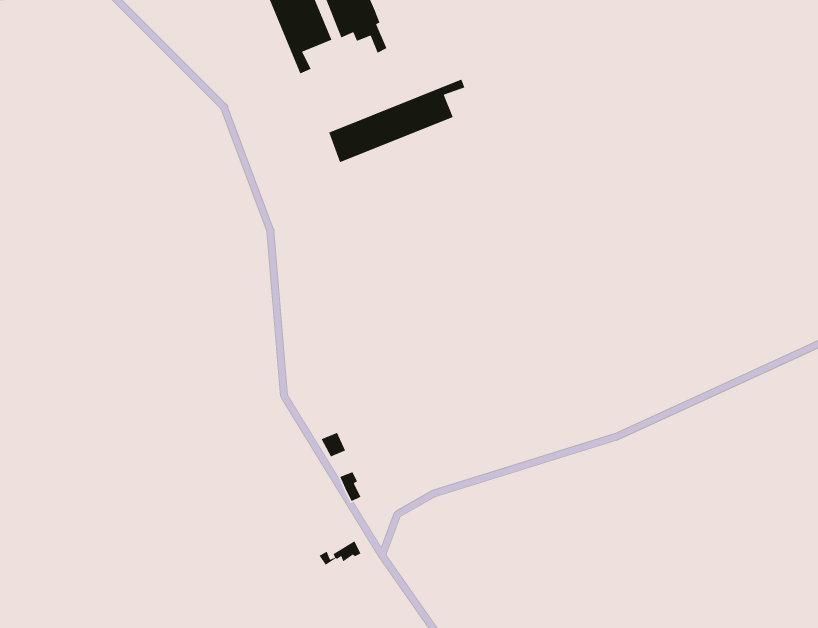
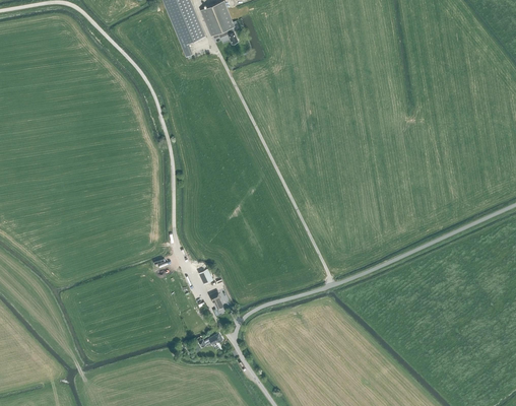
building: [328,78,465,163] -> none

